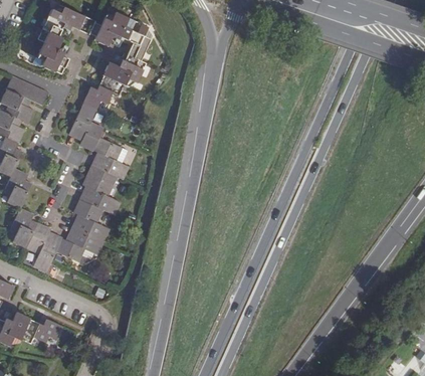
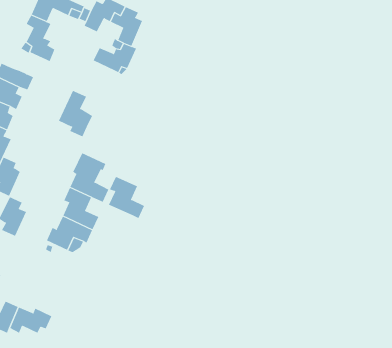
building: [82,74,124,110] -> none
building: [91,137,128,179] -> [108,176,145,219]
building: [26,223,62,271] -> none

